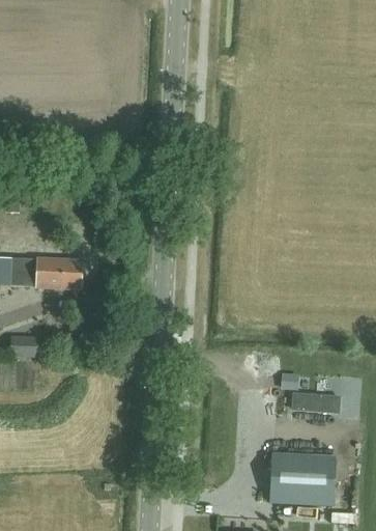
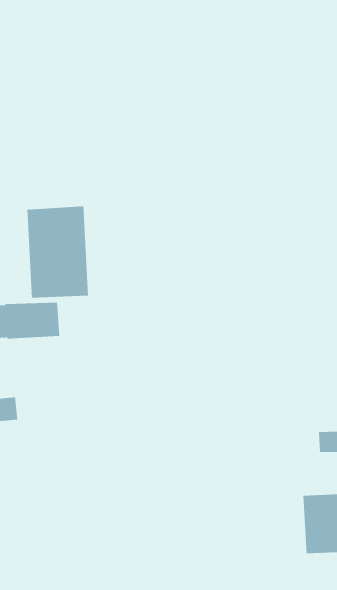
building: none -> [27,205,89,298]

